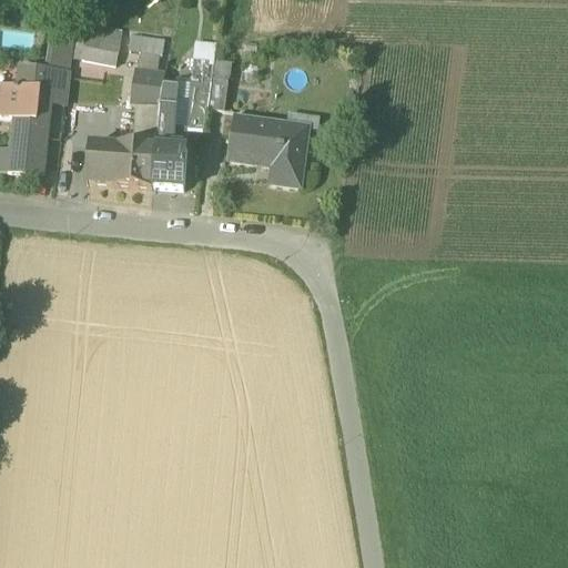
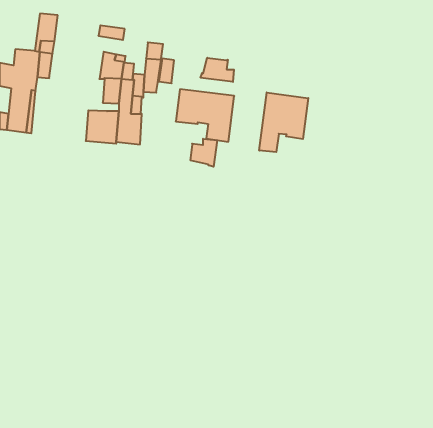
building: [81,21,121,62] -> none
building: none -> [201,58,234,82]
building: none -> [259,92,308,152]
building: [85,142,115,184] -> none
building: none -> [191,139,217,167]

